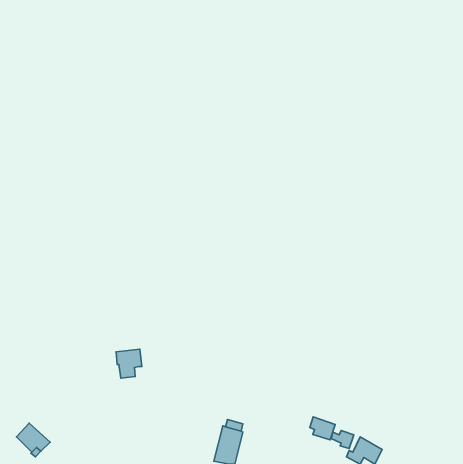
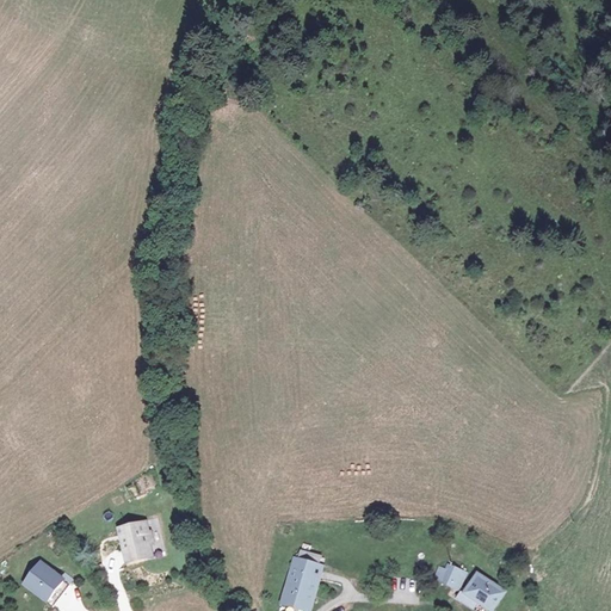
building: [116,349,142,378] -> [123,523,156,561]
building: [310,417,335,440] -> none

